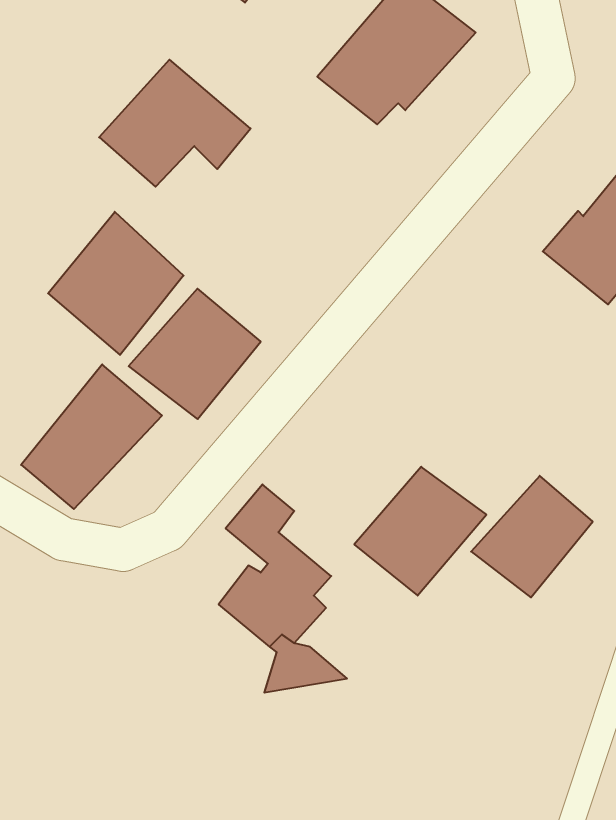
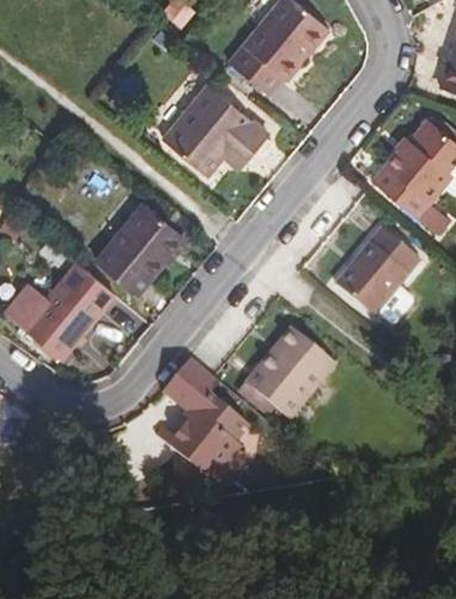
building: [99,60,251,187] -> [161,87,266,175]
building: [48,212,184,355] -> none
building: [471,476,593,597] -> [336,234,420,318]

